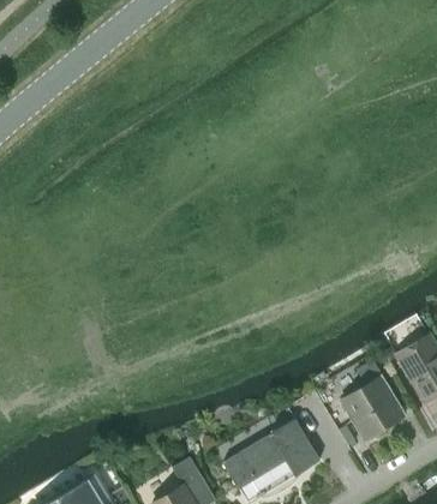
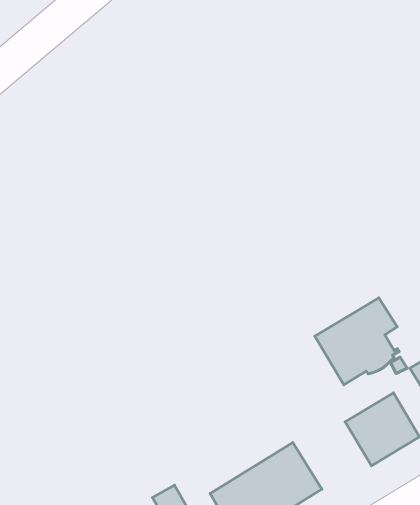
building: none -> [315,298,399,385]

